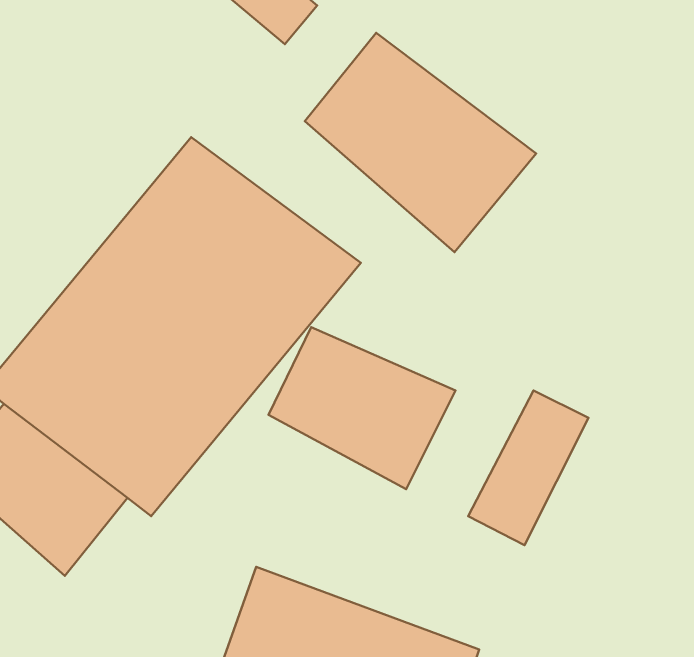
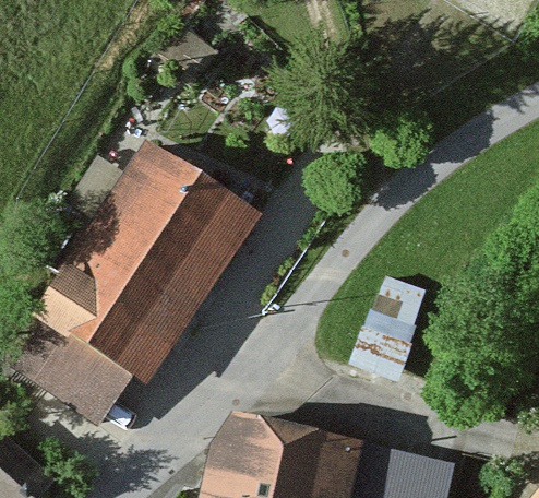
building: [305,33,536,252] -> none
building: [269,327,456,489] -> none

